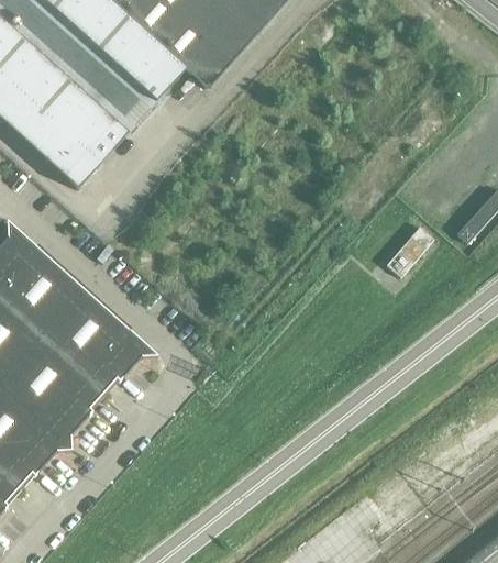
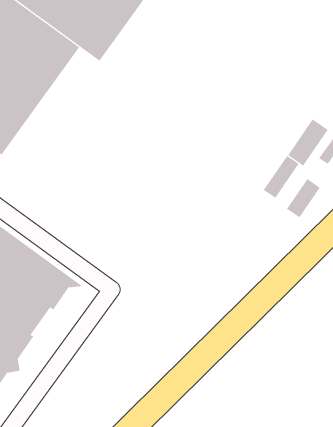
building: none -> [287,119,328,166]
building: none -> [286,178,321,218]

